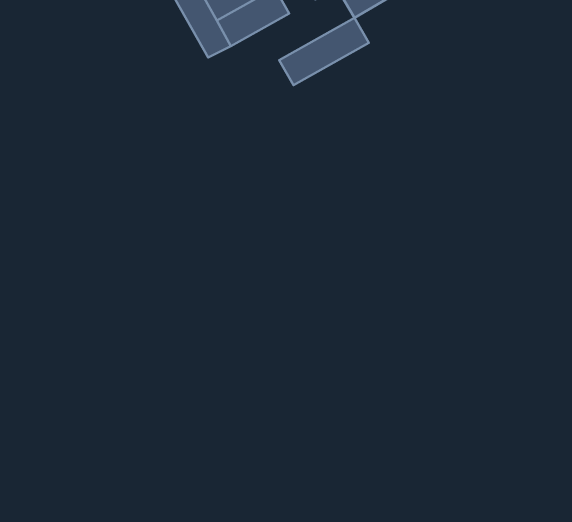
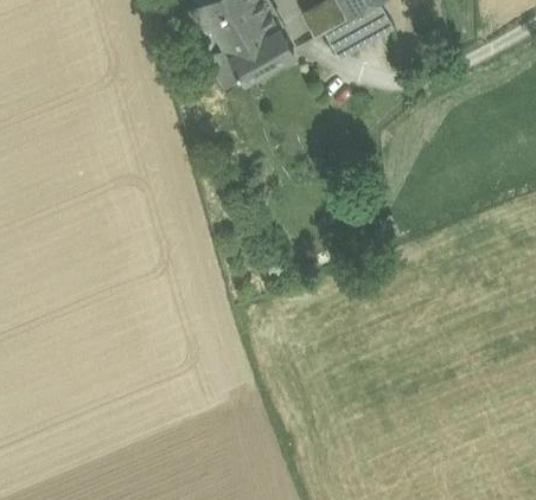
building: [279,18,369,85] -> none

